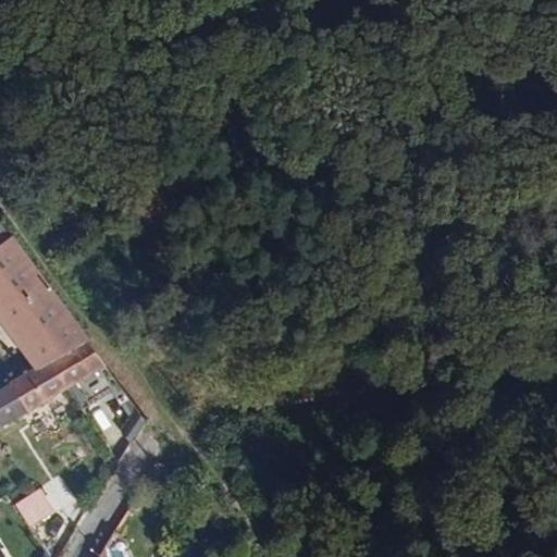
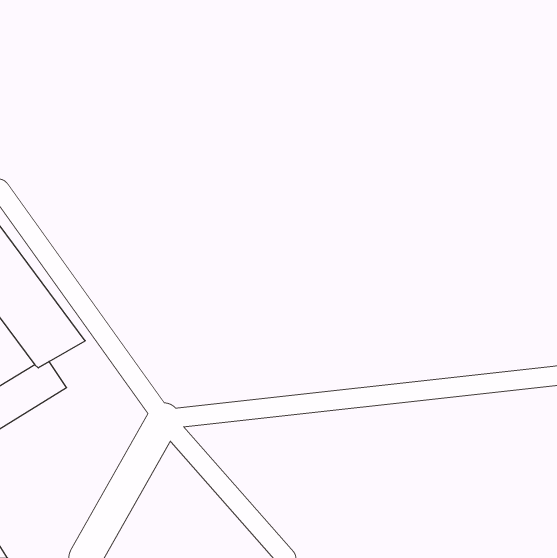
building: [49,339,102,386] -> none
building: [13,485,57,528] -> none

